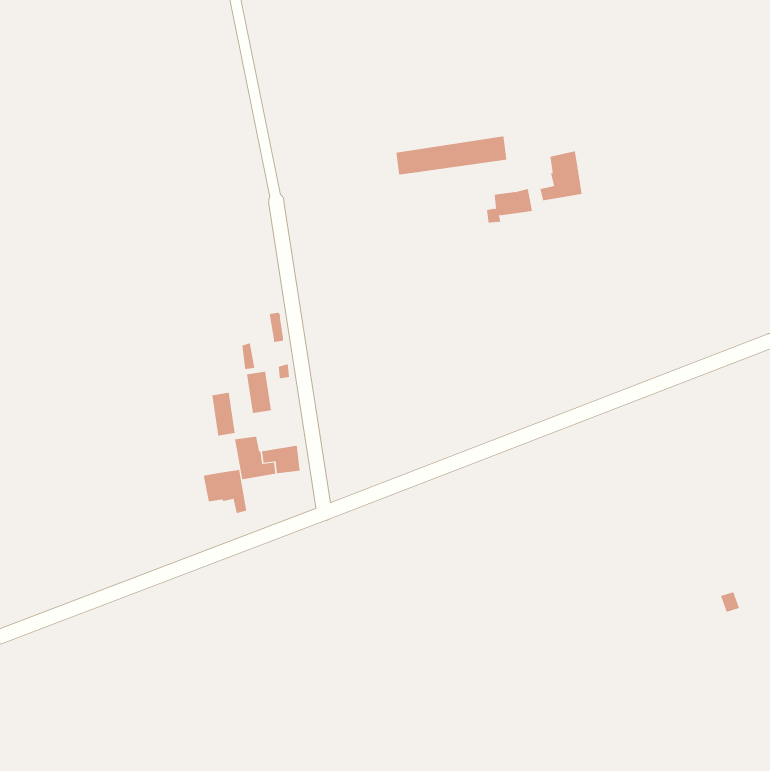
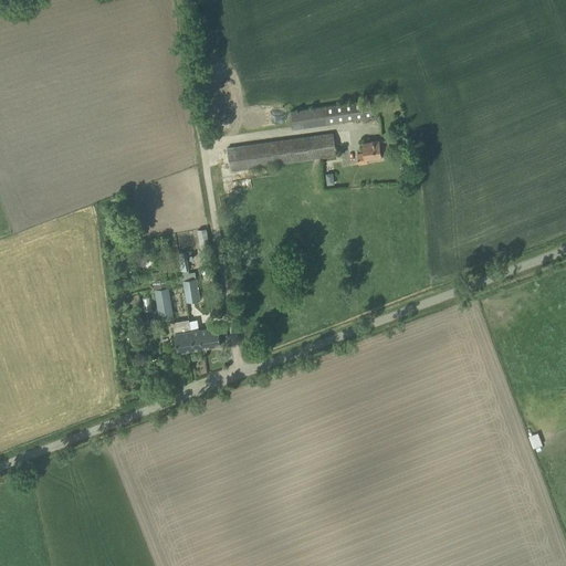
building: [540,151,582,201] -> none
building: none -> [226,133,335,170]
building: [203,469,247,514] -> none

